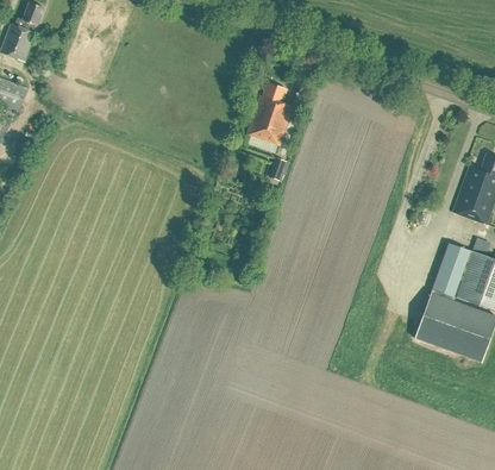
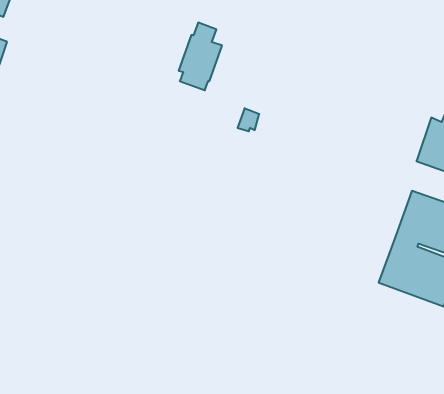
building: [246,82,292,152] -> [179,23,222,90]

